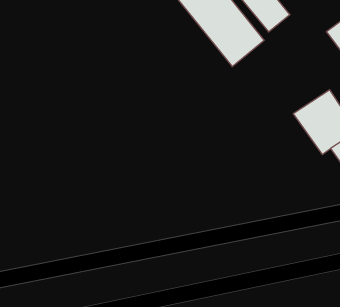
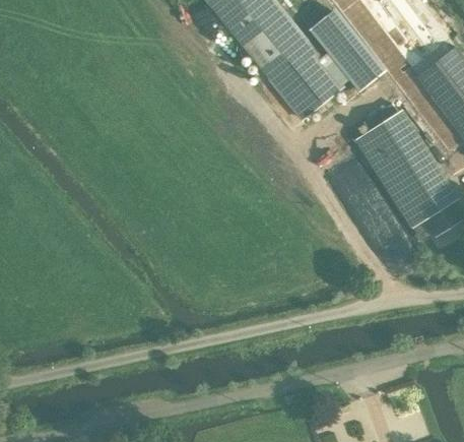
building: none -> [347,55,387,91]
building: none -> [354,112,422,177]

